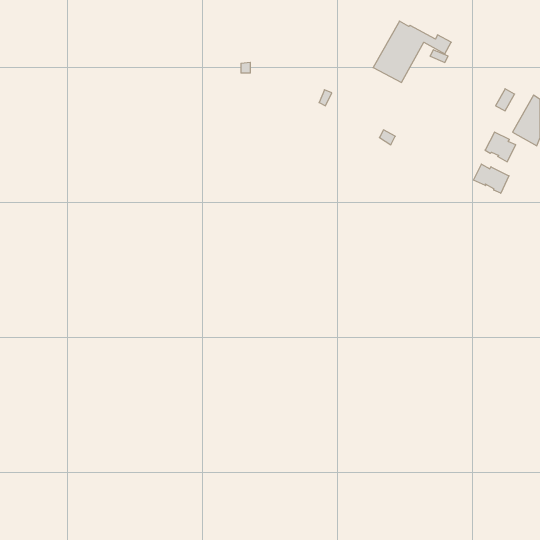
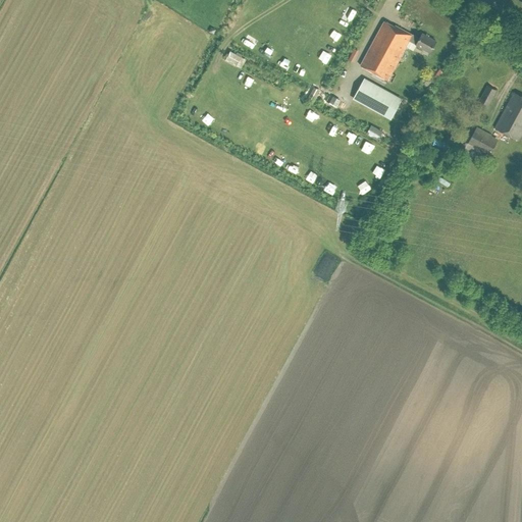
building: none -> [353,77,401,118]
building: [473,164,509,193] -> none

